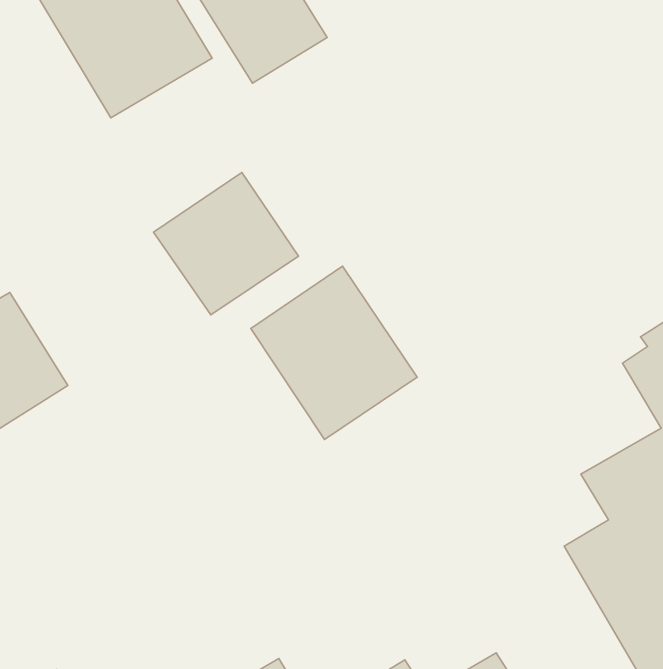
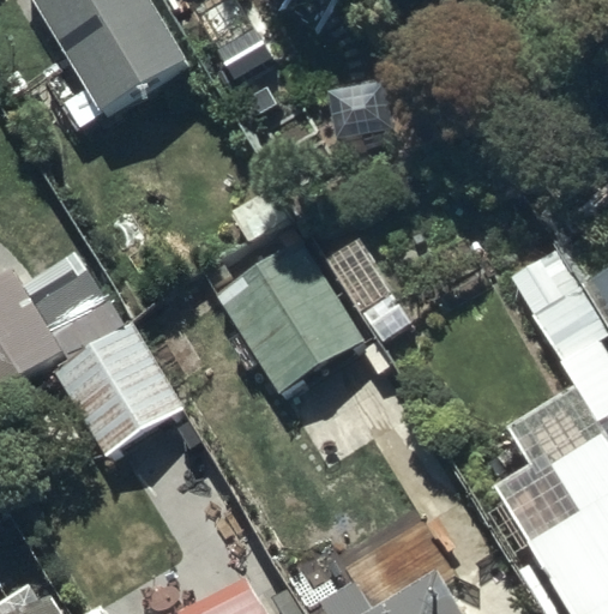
building: [154,172,298,315] -> none
building: none -> [54,321,185,455]

